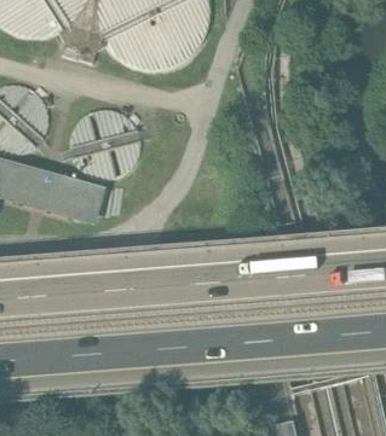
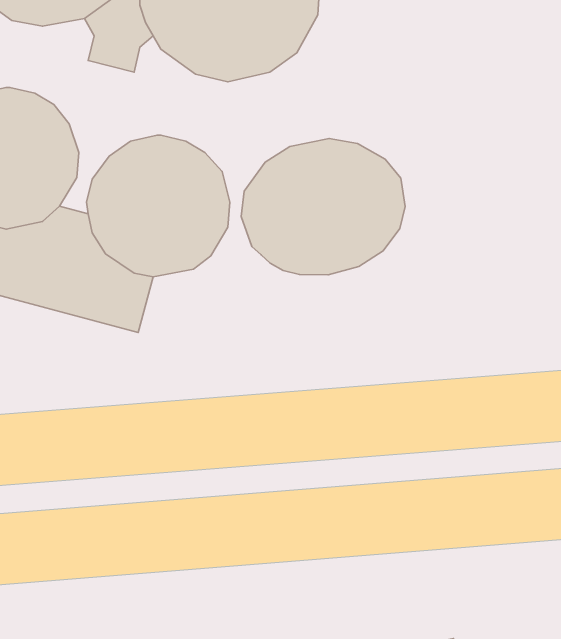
building: none -> [241,139,405,275]

